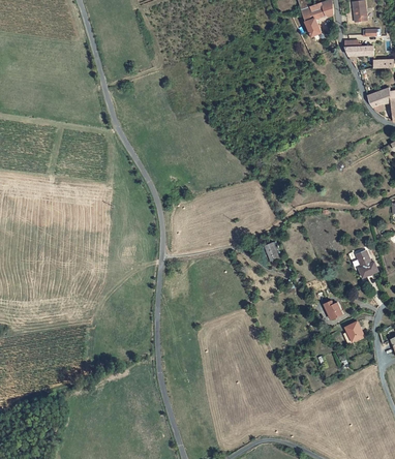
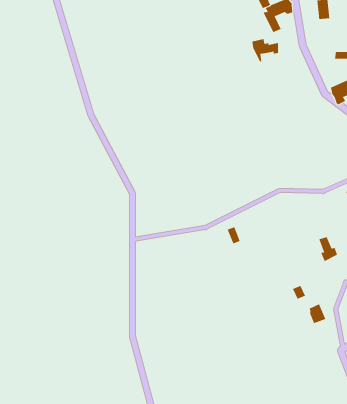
building: [344,37,373,62] -> [252,39,279,62]

